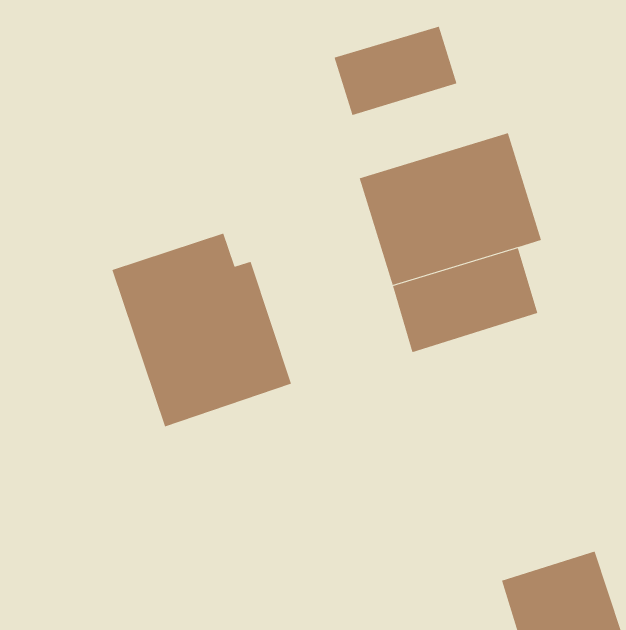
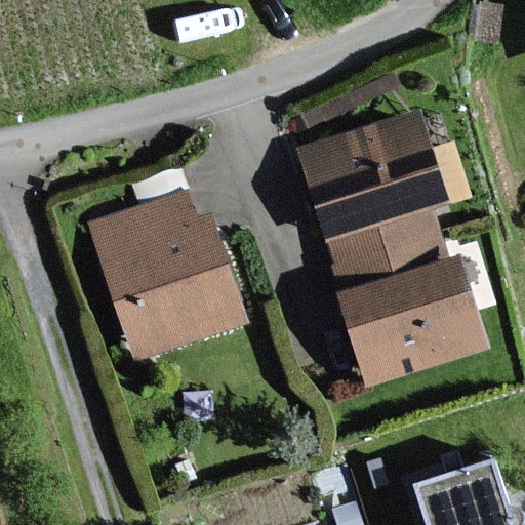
building: [334,26,457,116] -> none
building: none -> [341,258,486,381]

